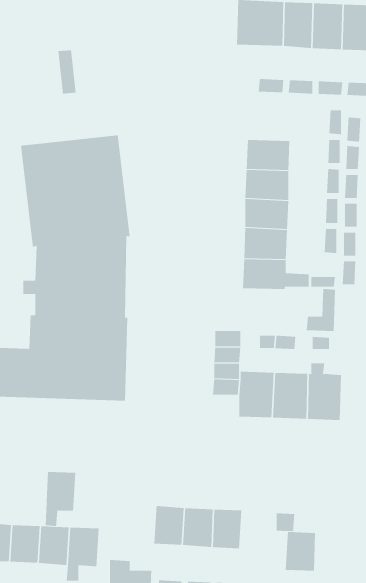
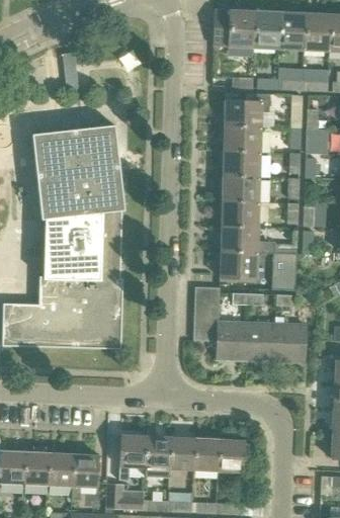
building: none -> [223,93,270,128]
building: none -> [218,253,255,279]
building: [45,471,76,527] -> [119,435,146,482]
building: [285,532,316,571] -> [217,440,243,473]

